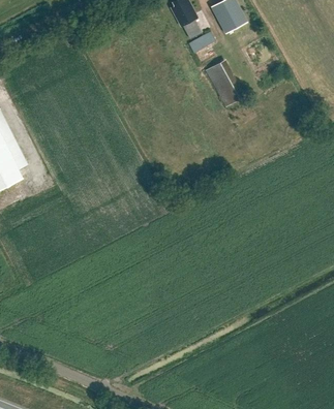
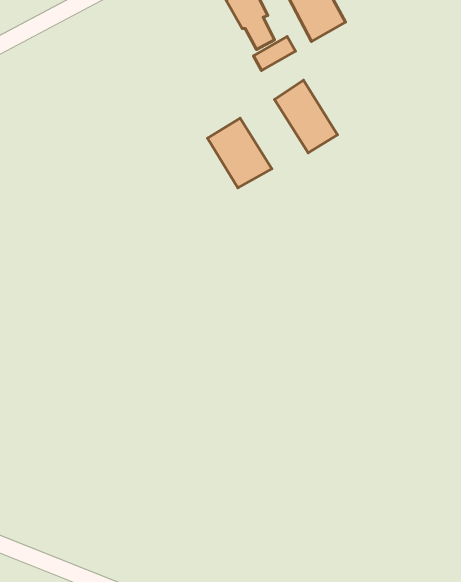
building: none -> [208,118,272,188]

